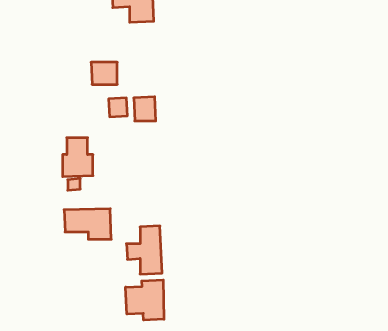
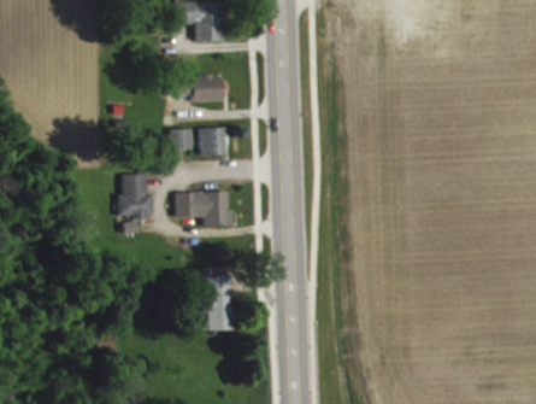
building: [91,62,117,84] -> [193,76,223,101]
building: [64,209,111,239] -> [176,191,230,226]
building: [126,280,164,320] -> none

